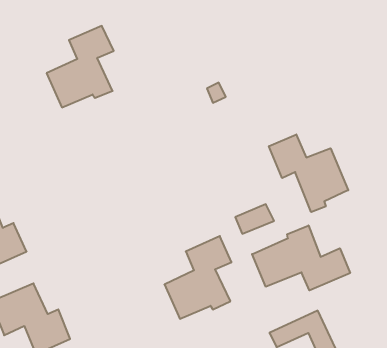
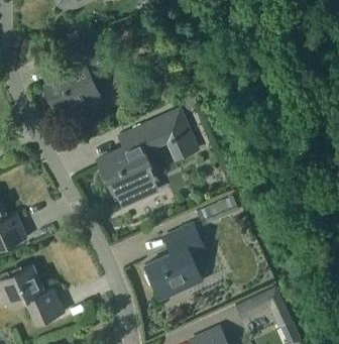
building: none -> [100,110,200,207]
building: [269,134,348,212] -> none
building: [252,225,350,290] -> none

